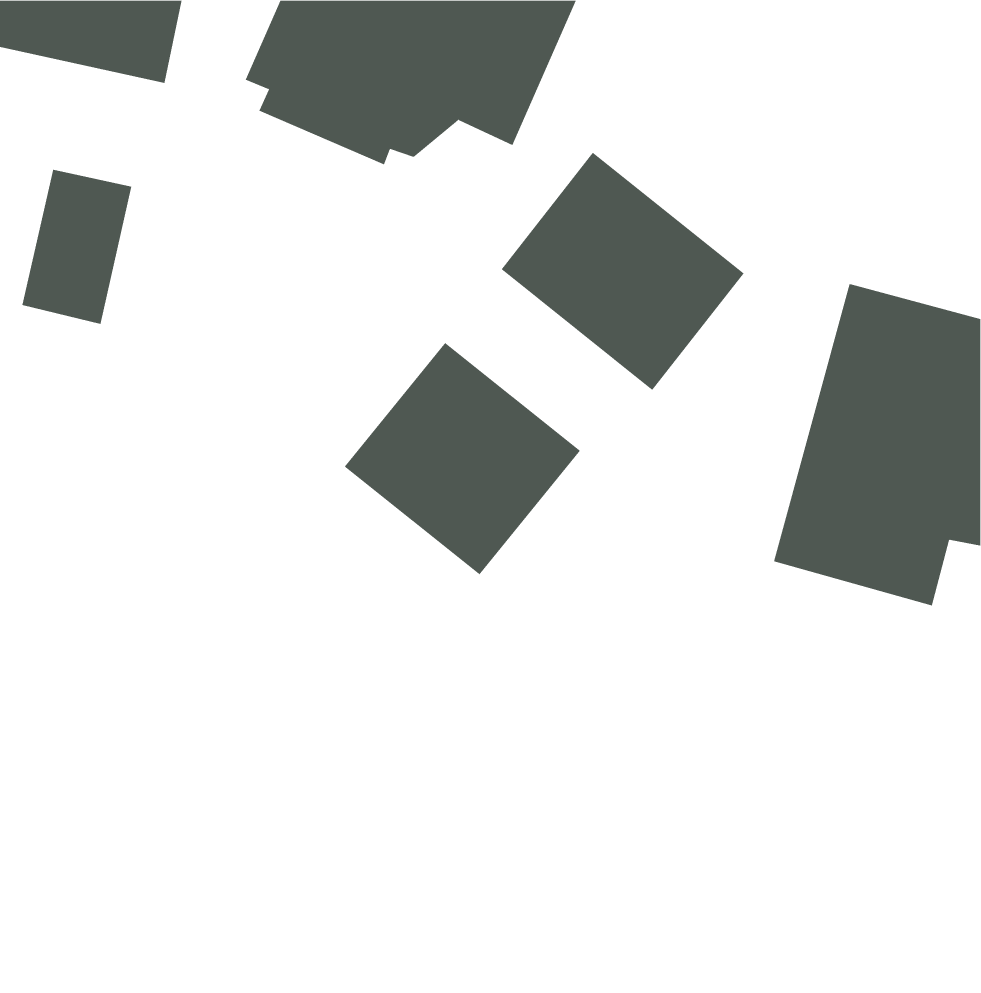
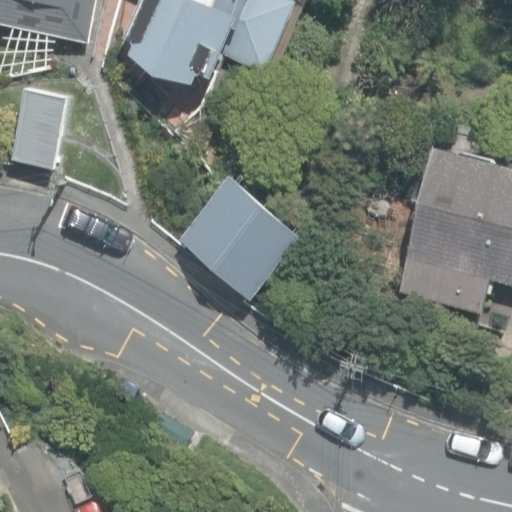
building: [501,152,745,391] -> none

